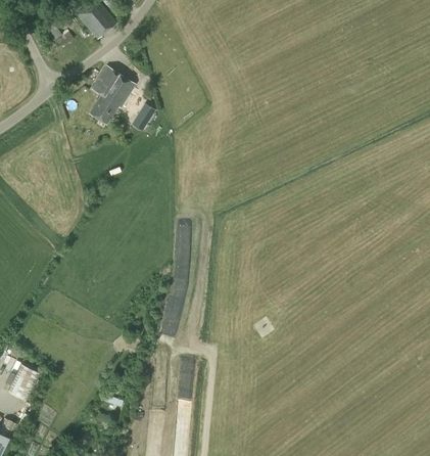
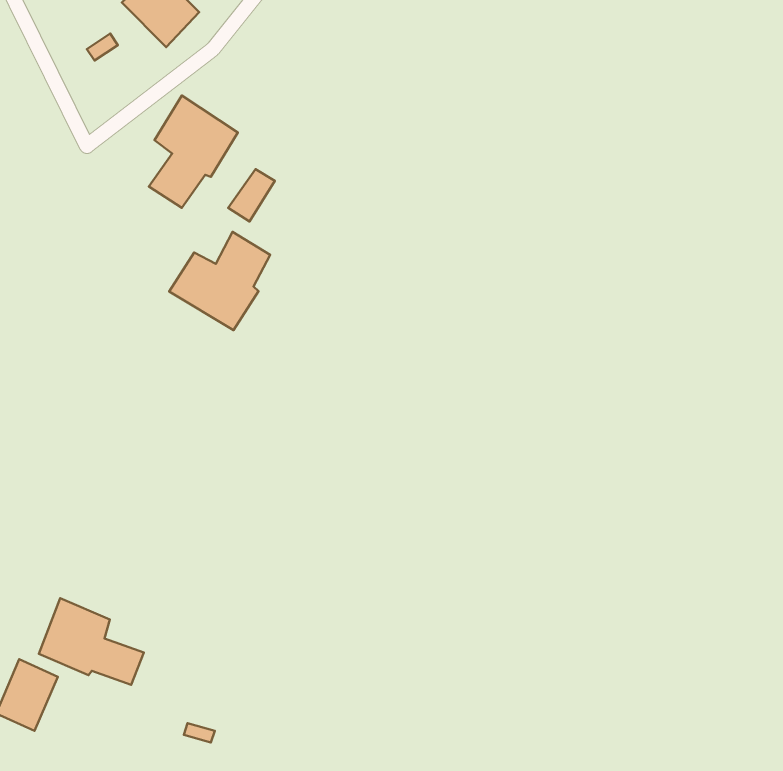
building: none -> [169,232,270,330]
building: none -> [39,598,144,685]

